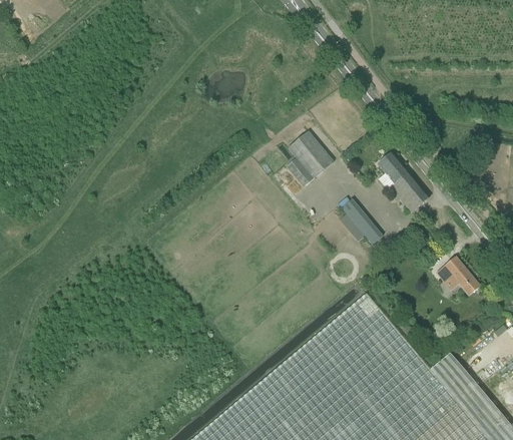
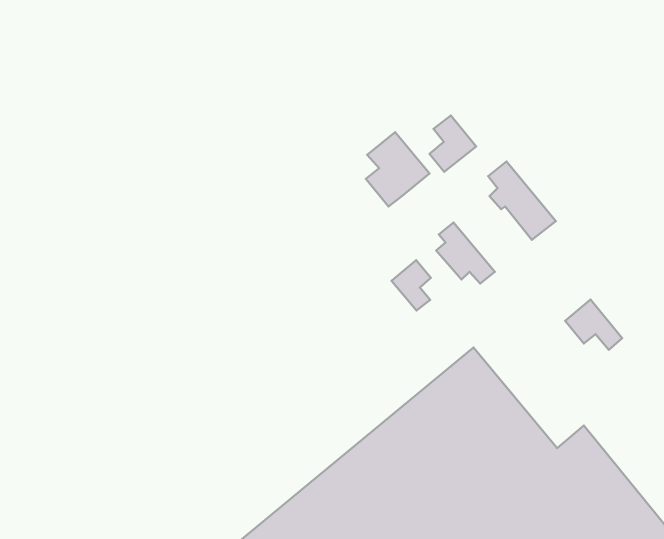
building: none -> [429,115,476,172]
building: none -> [391,260,431,311]

